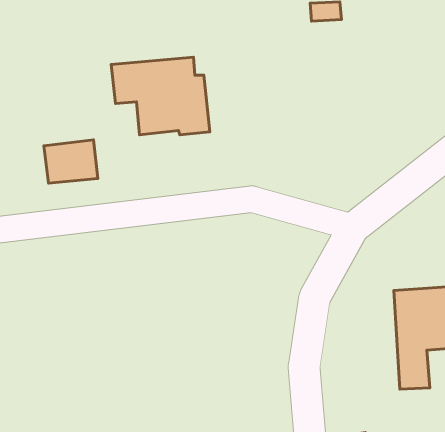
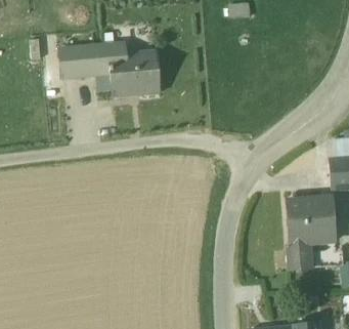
building: [44,140,98,183] -> [58,46,95,76]

